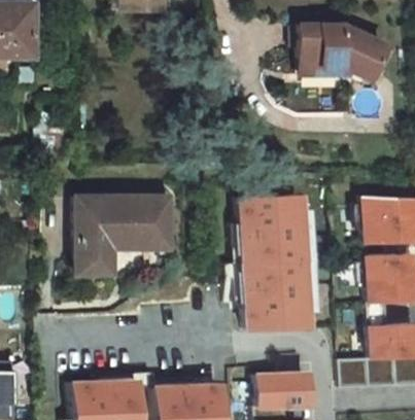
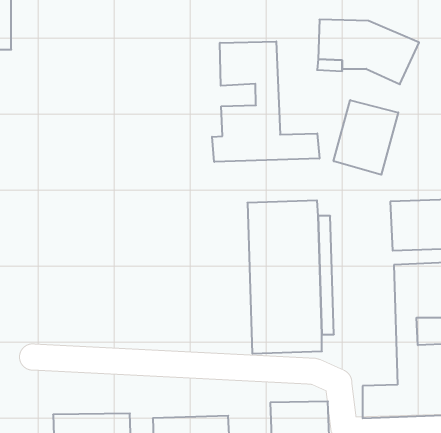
building: none -> [212,41,319,162]
building: none -> [334,100,398,175]
building: [72,201,166,278] -> none

